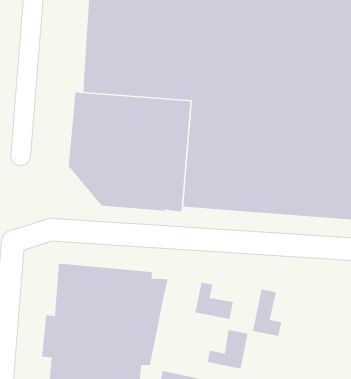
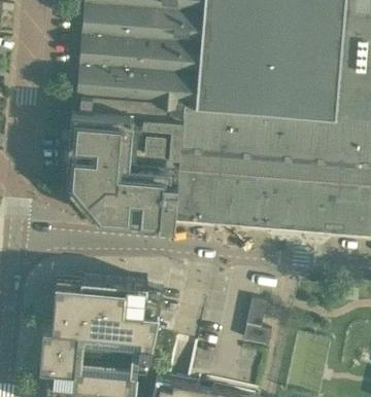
building: [195,282,234,320] -> none
building: [207,329,248,369] -> none

